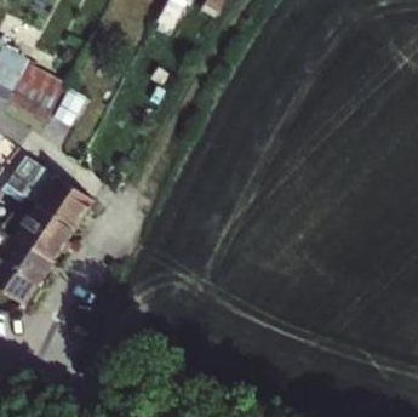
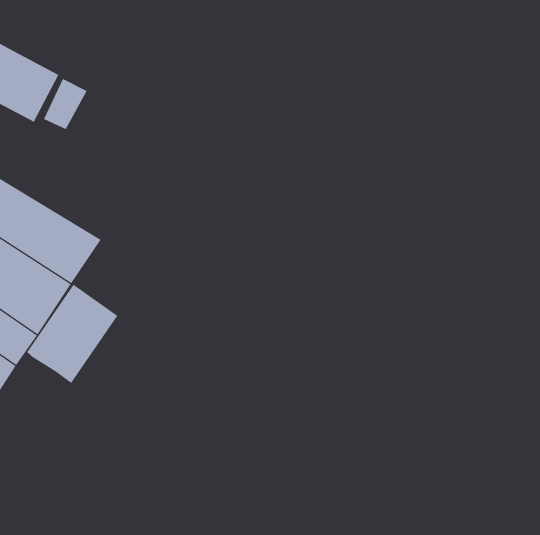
building: none -> [26,284,118,384]

